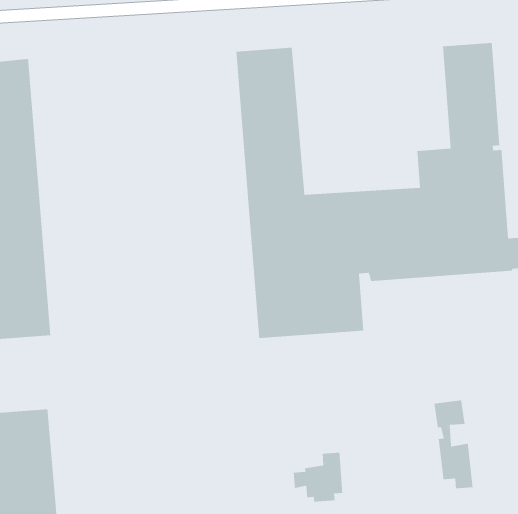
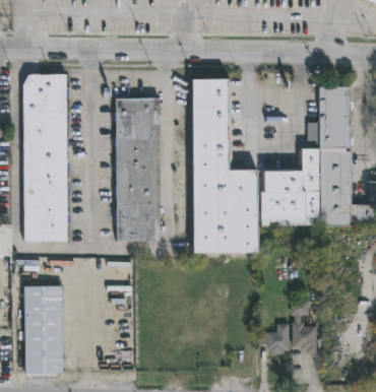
building: none -> [112,97,162,239]
building: [293,452,343,503] -> [263,324,293,353]

